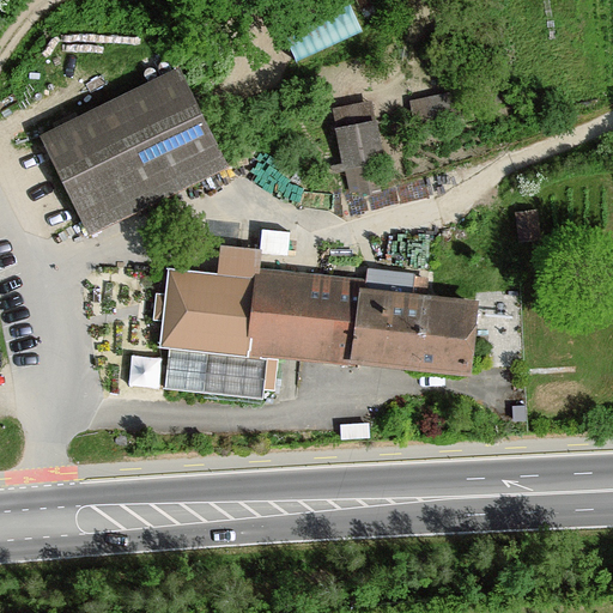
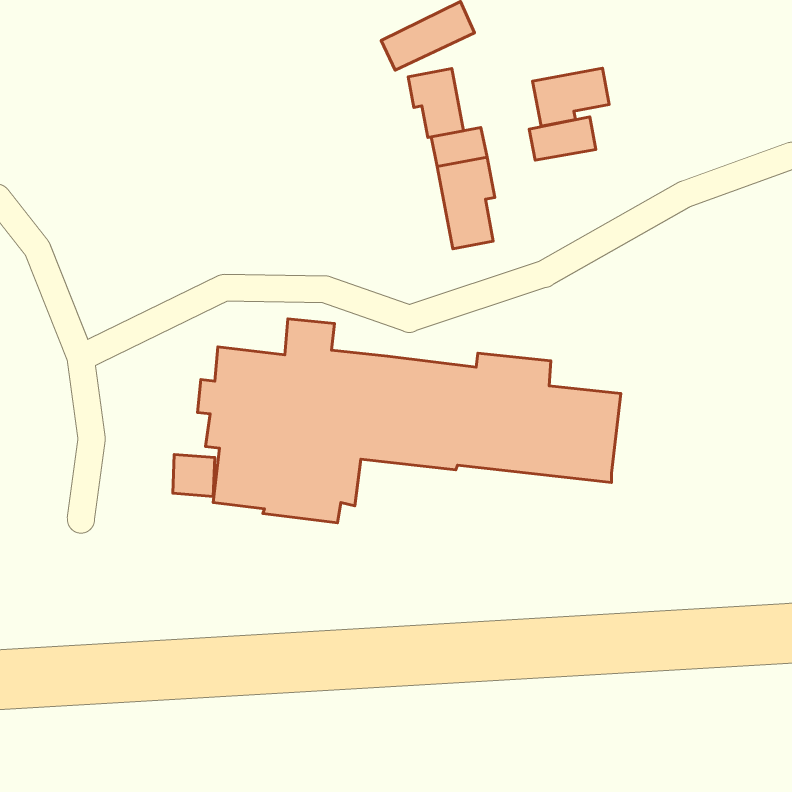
building: none -> [533,68,609,126]
building: none -> [408,69,463,137]
building: [45,69,224,229] -> none

